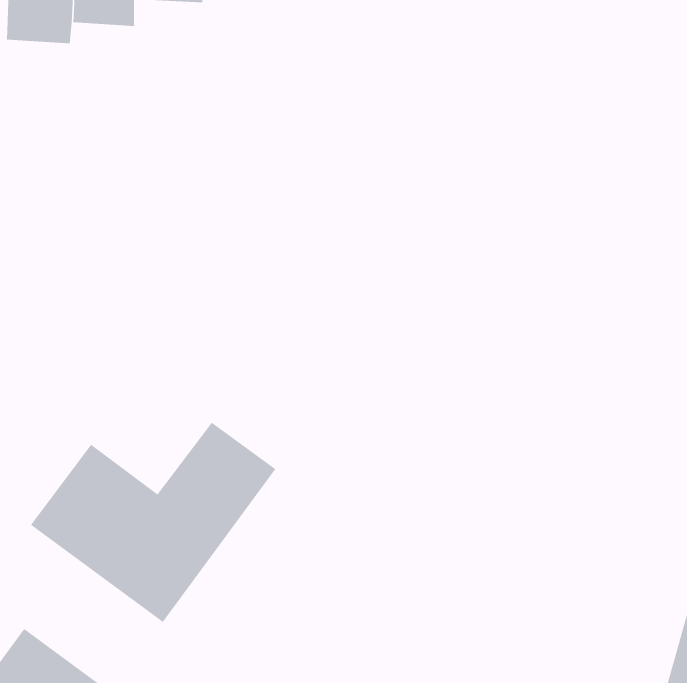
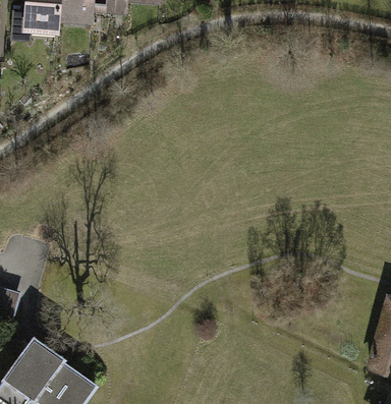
building: [30,422,276,623] -> none

